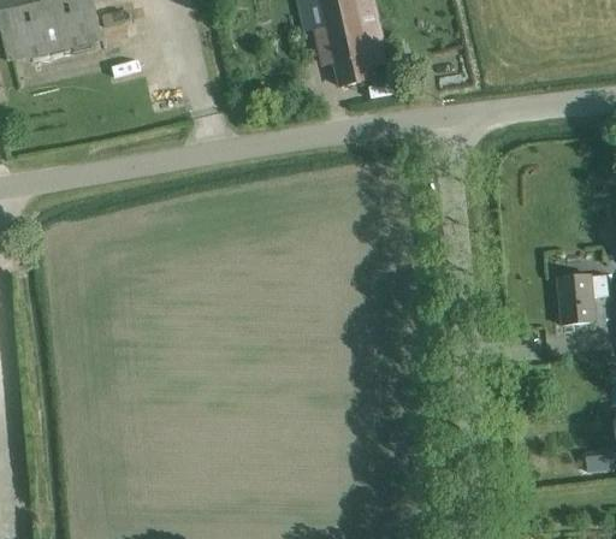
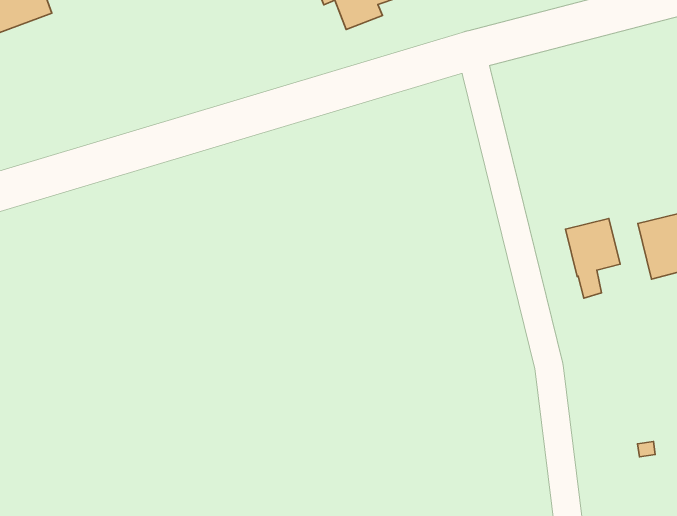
building: none -> [565,218,620,298]

